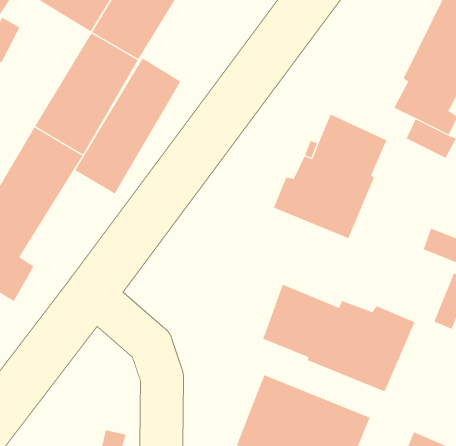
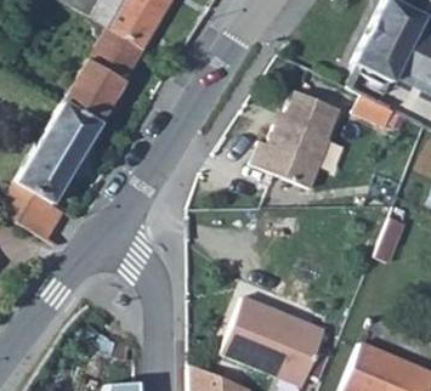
building: [74,58,181,194] -> none
building: [262,284,415,392] -> none

